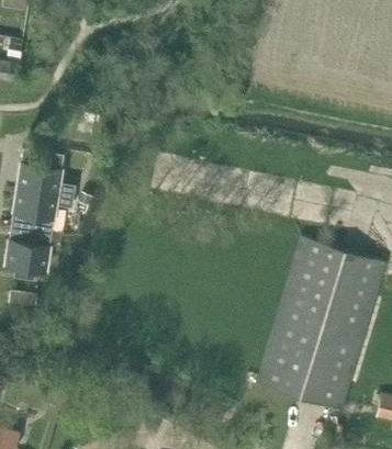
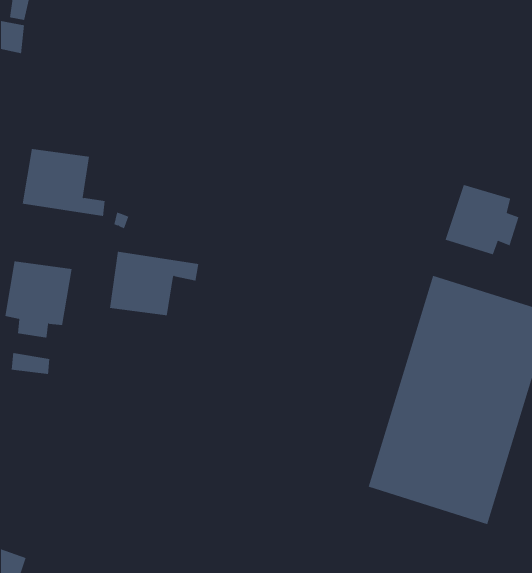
building: none -> [445,184,519,255]
building: [11,187,74,232] -> [109,251,199,316]

